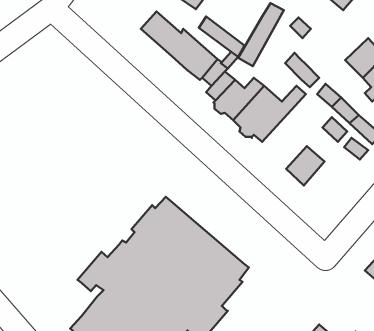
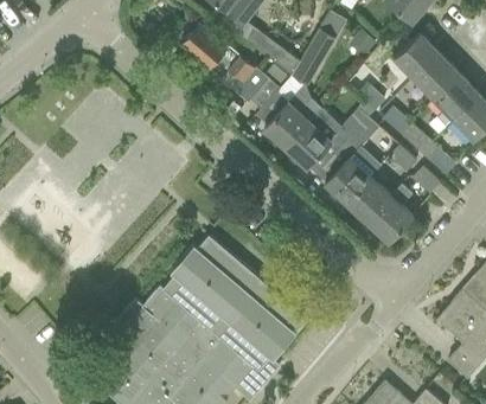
building: none -> [394,33,440,79]
building: none -> [319,118,378,204]
building: none -> [366,185,413,243]

